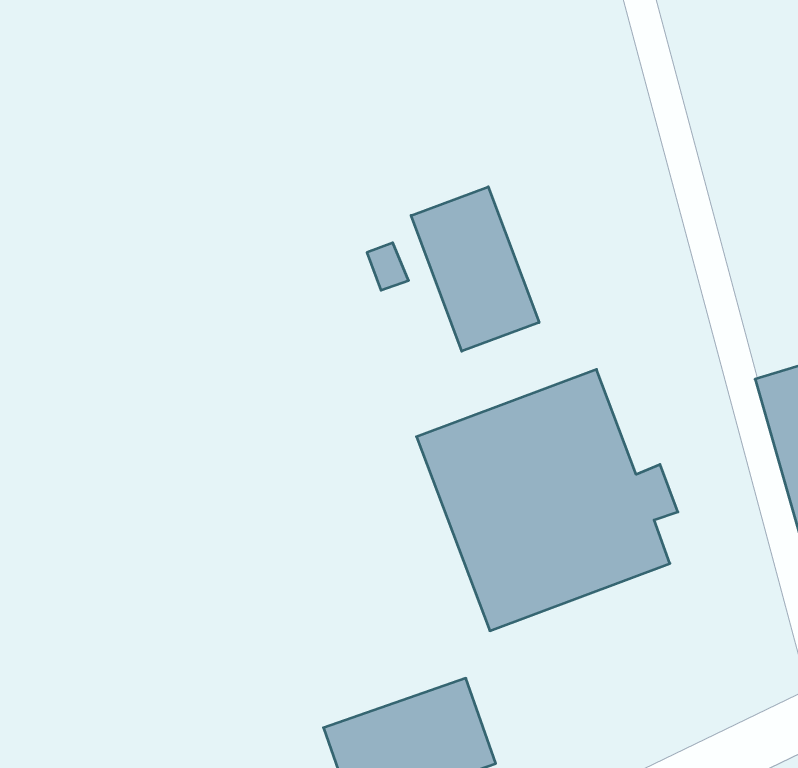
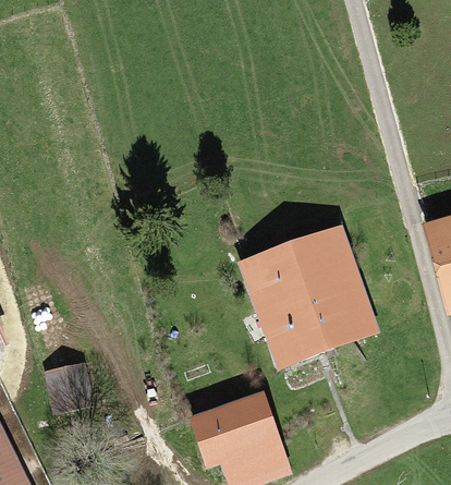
building: [411,187,539,351] -> none
building: none -> [44,362,87,411]

